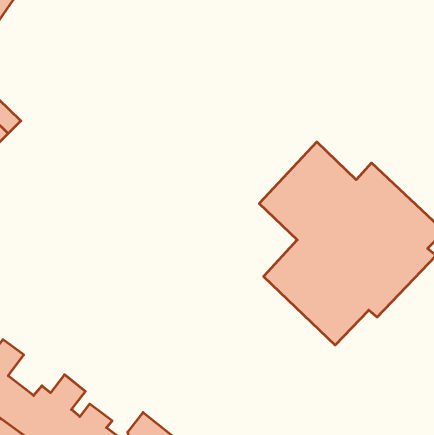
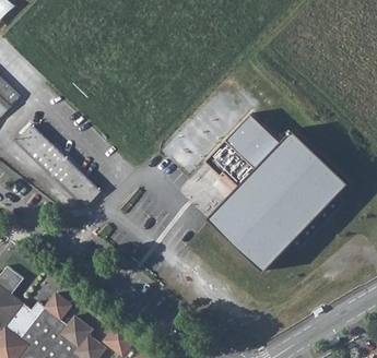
building: none -> [15,126,101,207]

